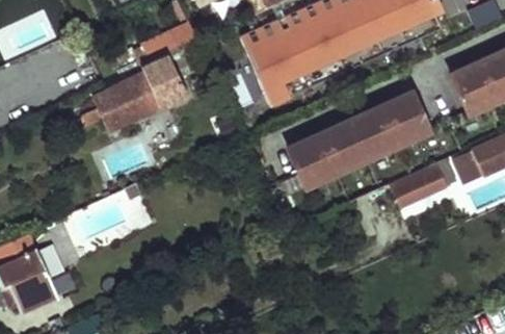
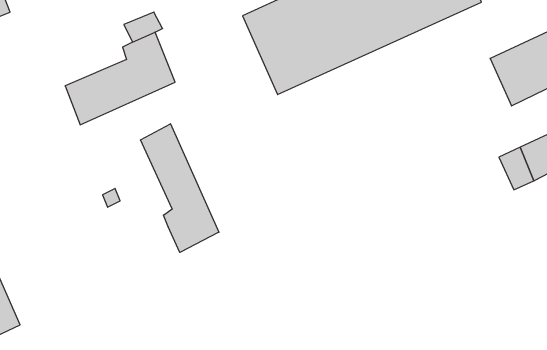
building: [286,92,429,187] -> none
building: none -> [140,124,219,252]
building: [395,164,446,205] -> none

